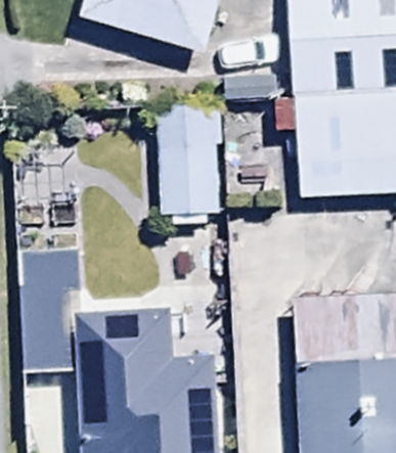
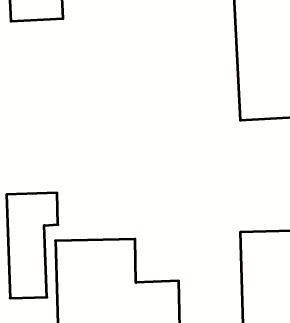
building: [157,93,216,201] -> none

